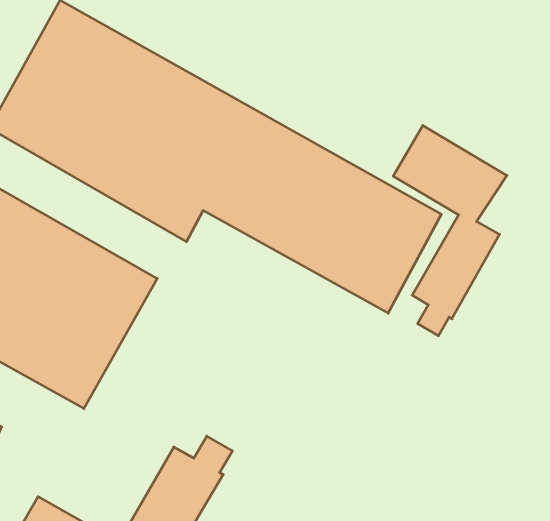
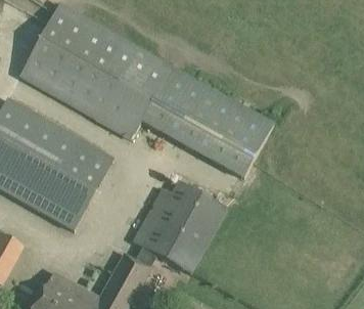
building: [393,125,507,336] -> none
building: none -> [137,169,230,269]

